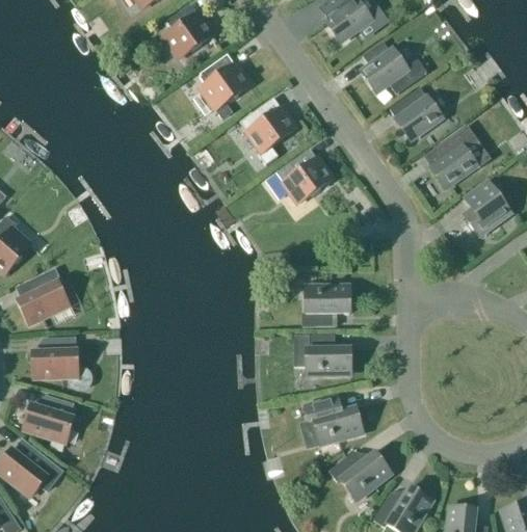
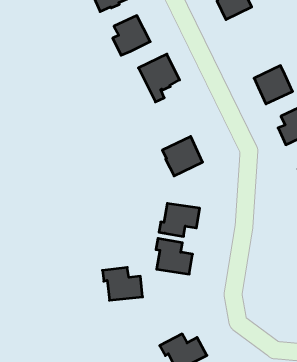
building: [363,42,427,95] -> none
building: [278,149,332,203] -> [162,136,203,176]
building: [306,398,363,444] -> [102,267,143,300]

